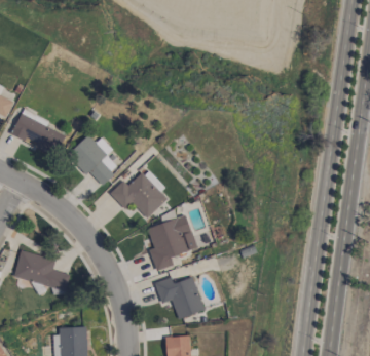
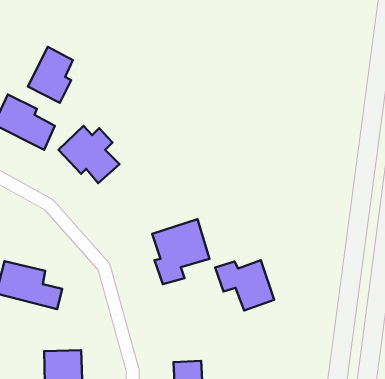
building: none -> [28,47,73,103]
building: [110,173,168,219] -> none
building: [154,277,205,320] -> [215,260,274,311]

